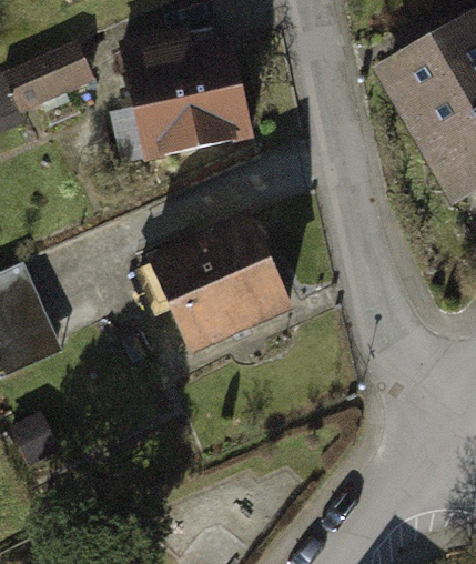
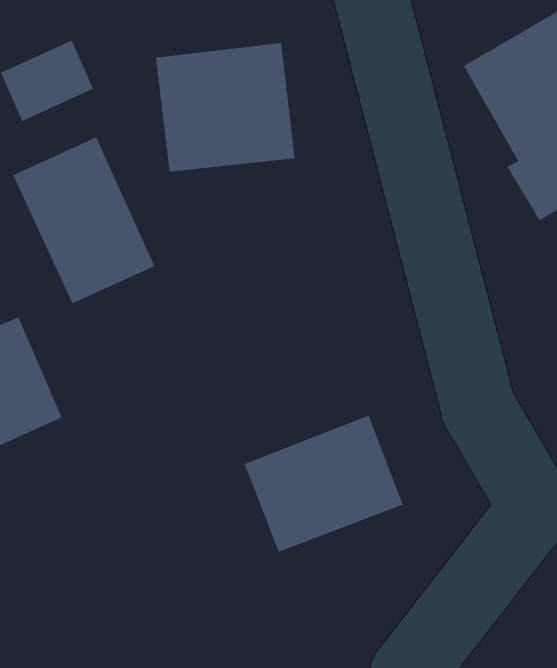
building: none -> [12,137,155,304]
building: [152,236,282,349] -> [244,415,403,552]

